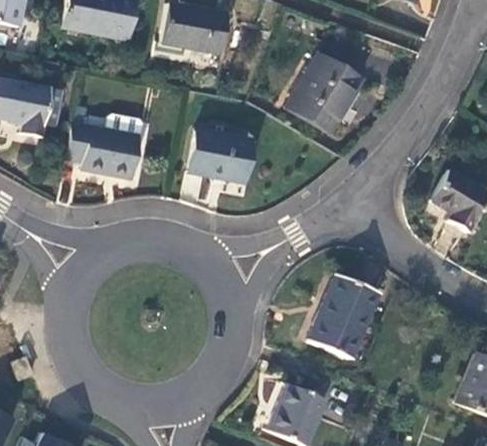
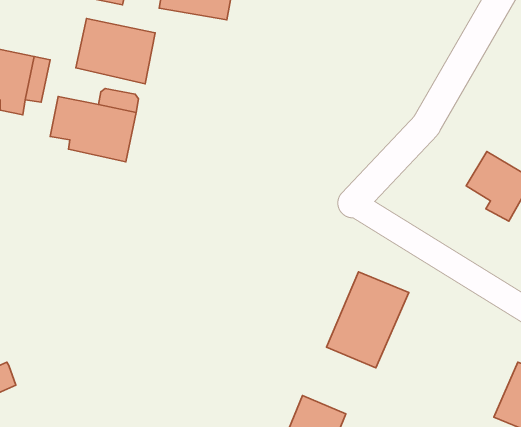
building: none -> [76,18,155,84]
building: [286,53,362,132] -> none
building: [188,127,252,181] -> none

